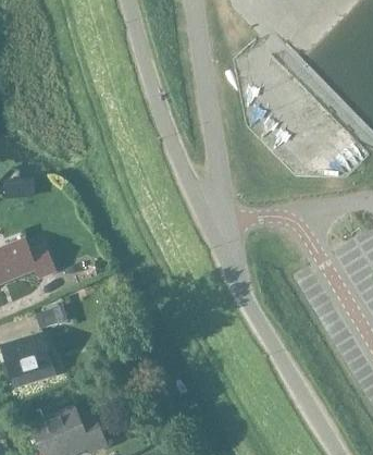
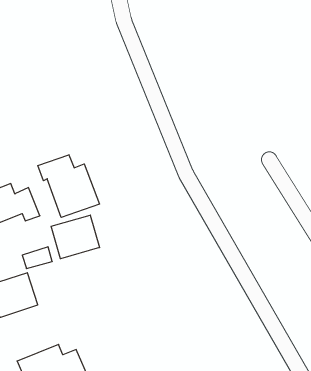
building: none -> [38,155,99,217]
building: none -> [51,215,100,259]

